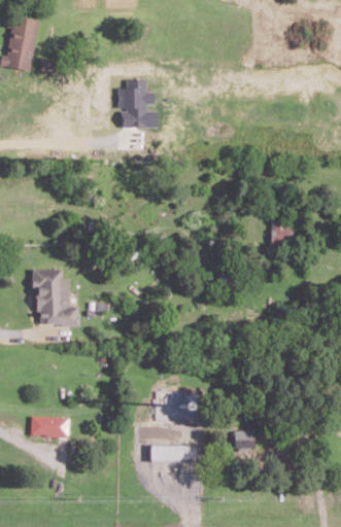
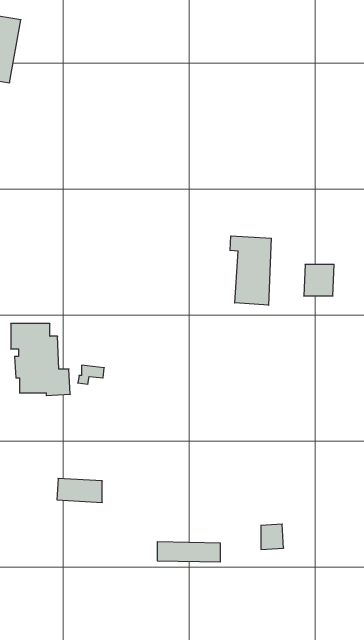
building: [117,80,158,128] -> none
building: none -> [230,236,271,305]
building: [30,417,67,436] -> [57,478,102,502]

